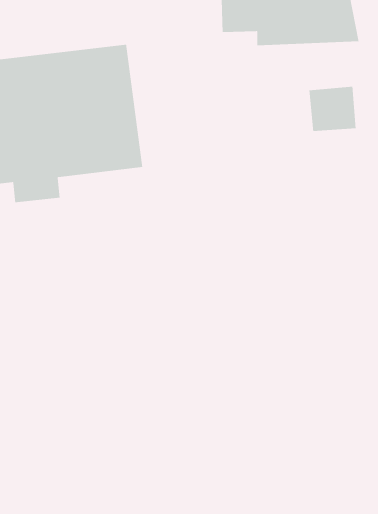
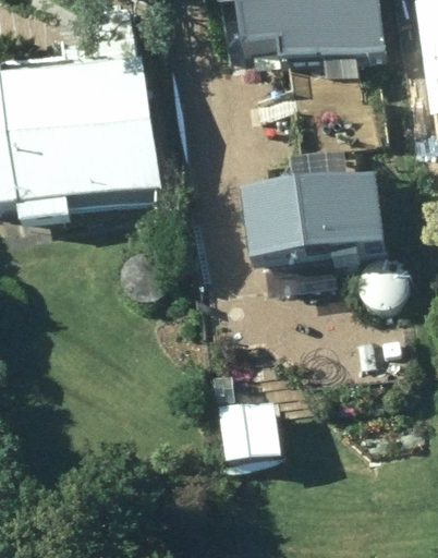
building: none -> [269,170,399,267]

